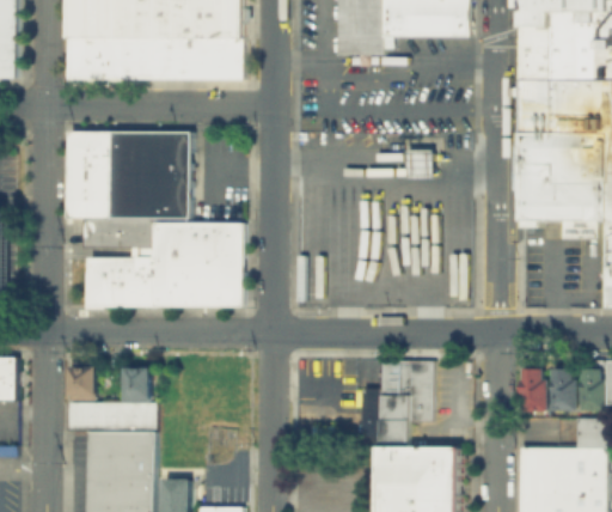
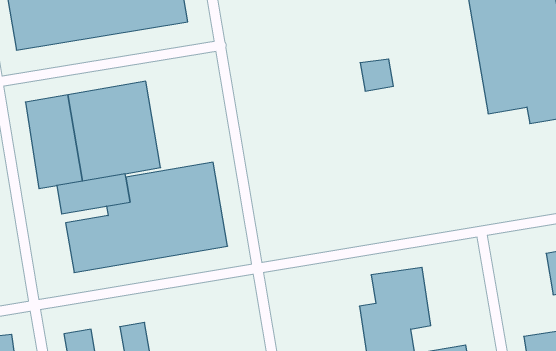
building: [521,367,549,410] -> none

